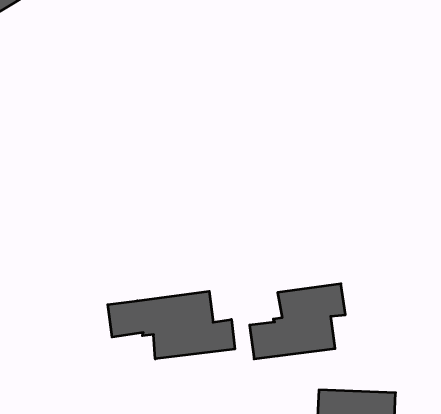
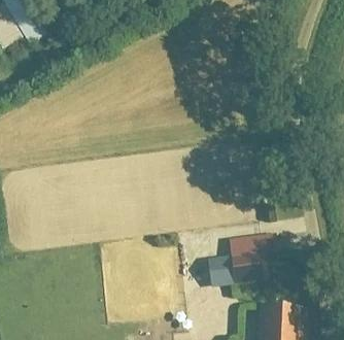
building: [108,291,235,359] -> none

